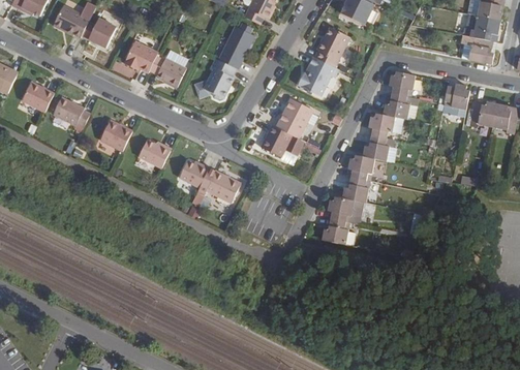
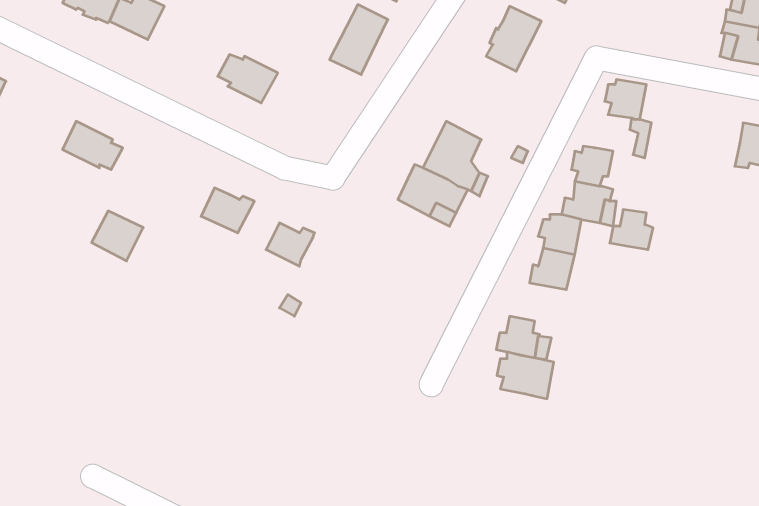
building: [123,39,157,71] -> none
building: [297,56,337,95] -> none
building: [193,57,235,97] -> none
building: [21,81,53,112] -> none
building: [442,83,468,116] -> none
building: [381,93,408,118] -> [610,210,653,250]
building: [99,119,131,150] -> [92,211,143,261]
building: [195,169,240,203] -> none
building: [327,195,362,224] -> [497,352,554,399]

